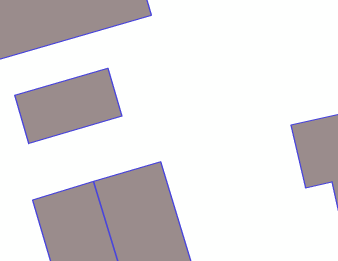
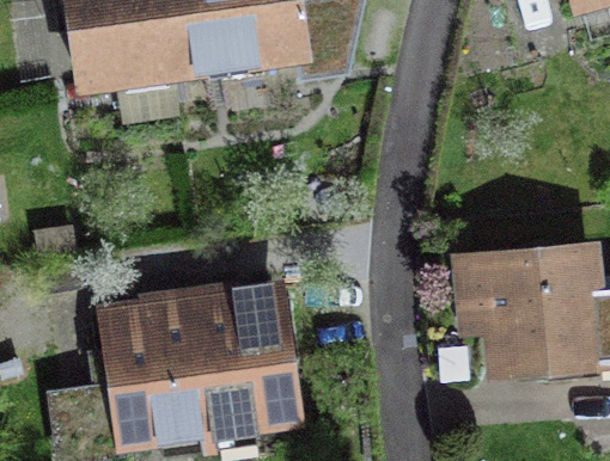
building: [15,68,122,144] -> none

